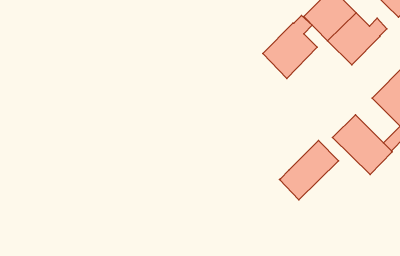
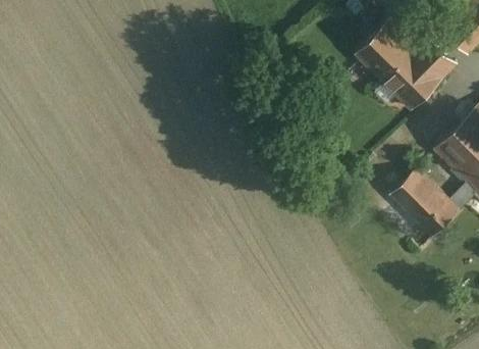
building: [263,15,317,78] -> none
building: [279,141,338,200] -> none

